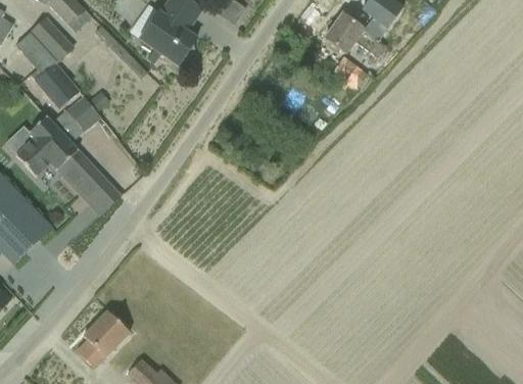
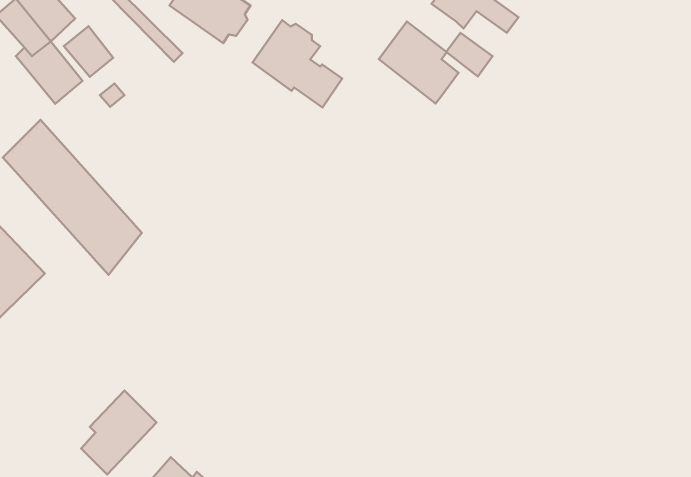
building: none -> [252,20,342,108]
building: none -> [379,22,458,104]
building: [64,94,99,130] -> [64,26,113,77]

